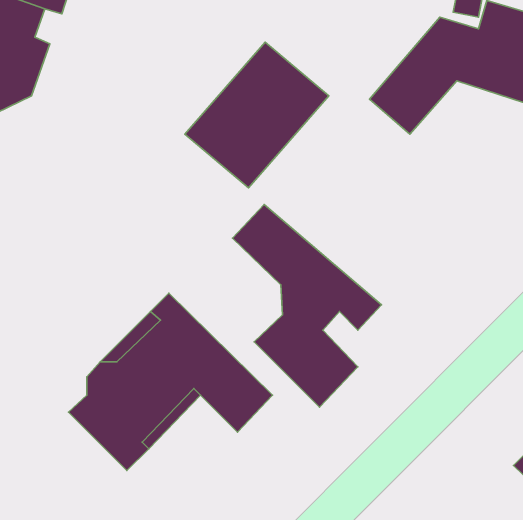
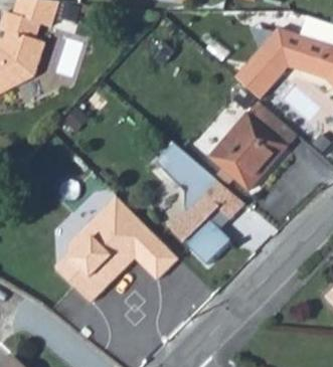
building: [185,42,329,188] -> [211,102,298,189]

